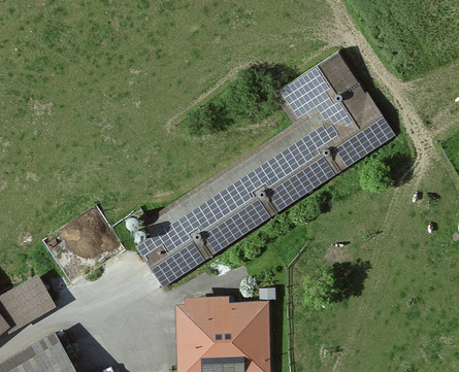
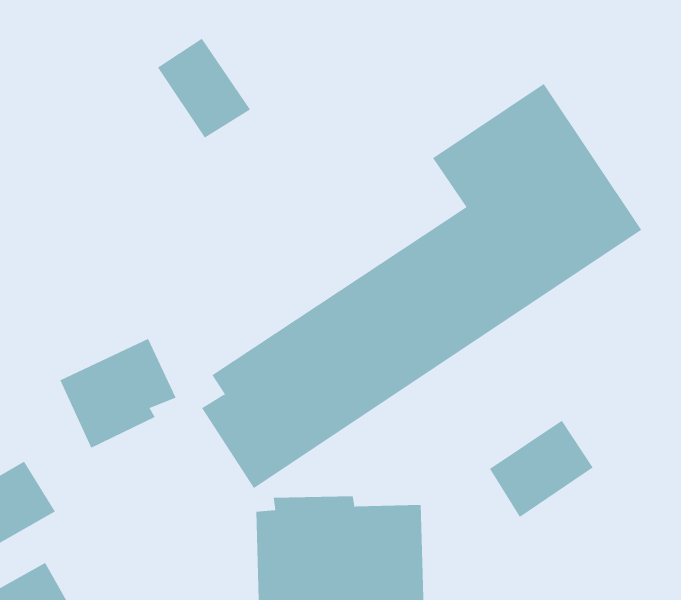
building: none -> [157,38,251,139]
building: none -> [489,420,593,518]

